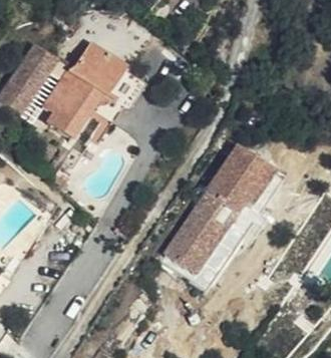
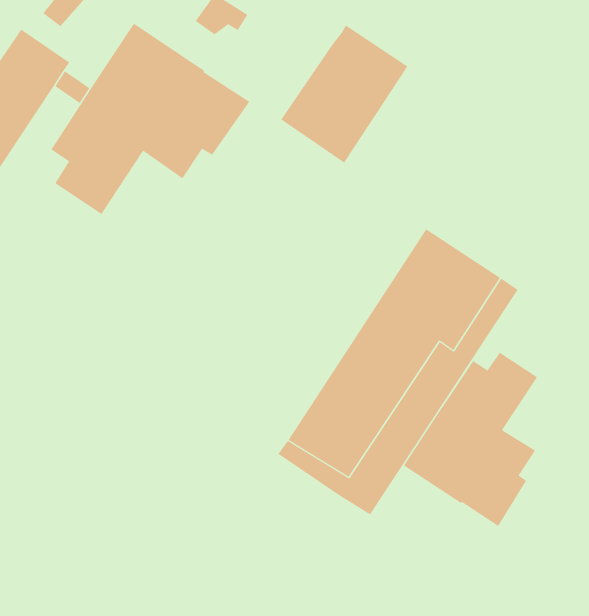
building: none -> [281,24,408,163]
building: none -> [403,352,538,527]

